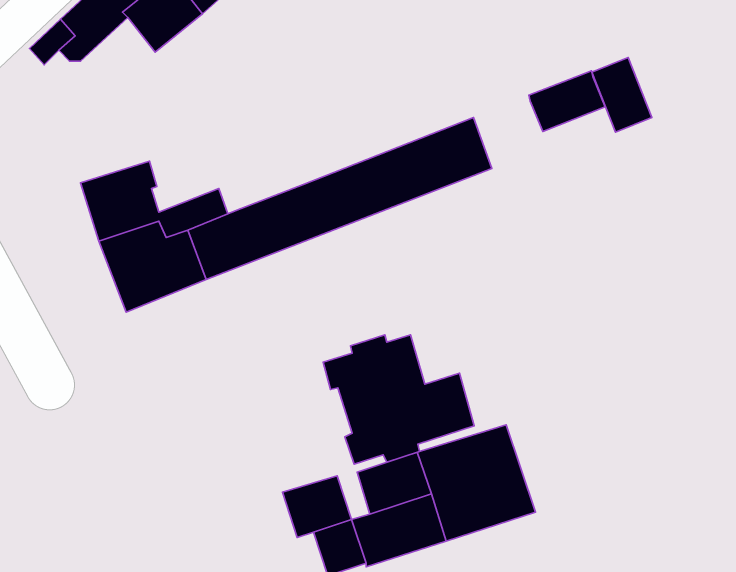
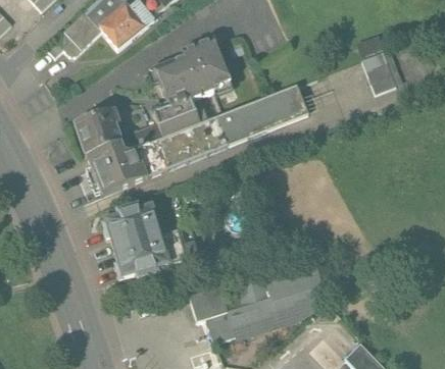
building: none -> [154,42,231,137]
building: [529,71,605,132] -> none
building: [323,335,474,464] -> [103,206,188,278]

